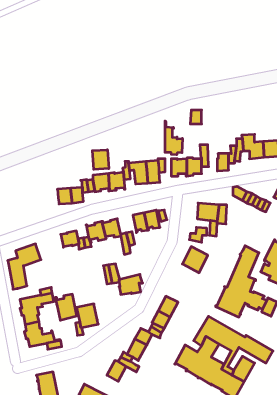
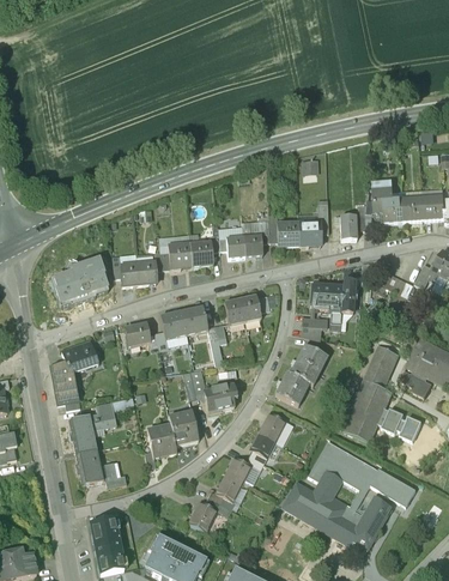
building: [165,121,182,155] -> none
building: [92,150,109,169] -> none
building: none -> [53,256,110,303]
building: none -> [275,368,315,404]
building: [55,294,77,320] -> [168,408,198,444]

